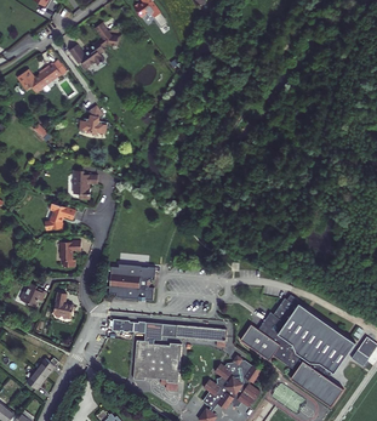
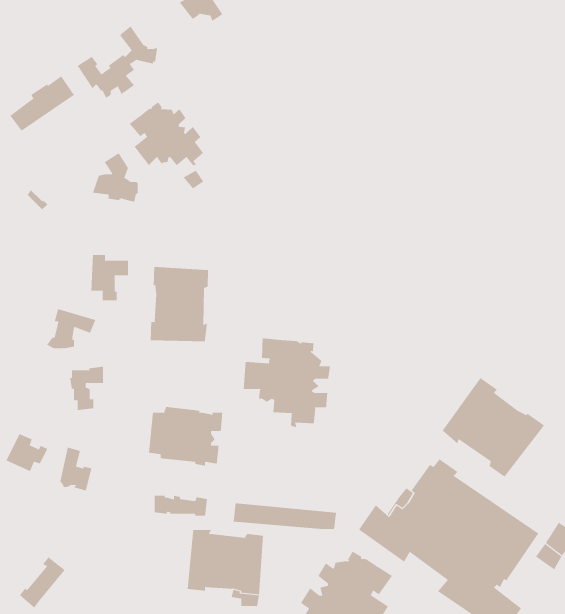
building: none -> [129,102,204,166]
building: none -> [150,266,208,342]
building: none -> [243,338,331,428]
building: none -> [442,377,545,477]

